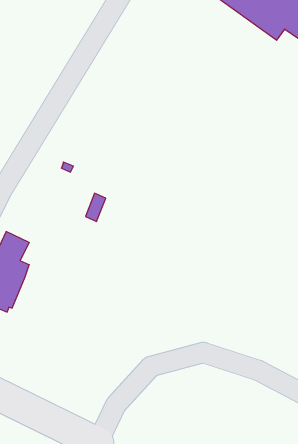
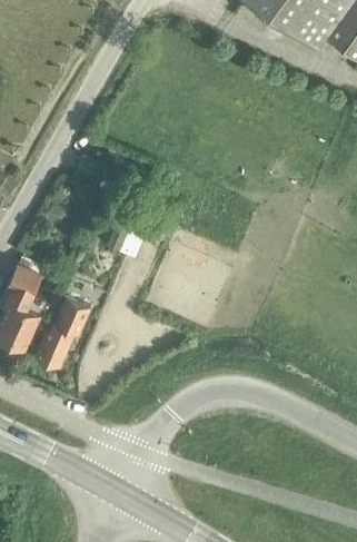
building: none -> [36,296,92,367]

